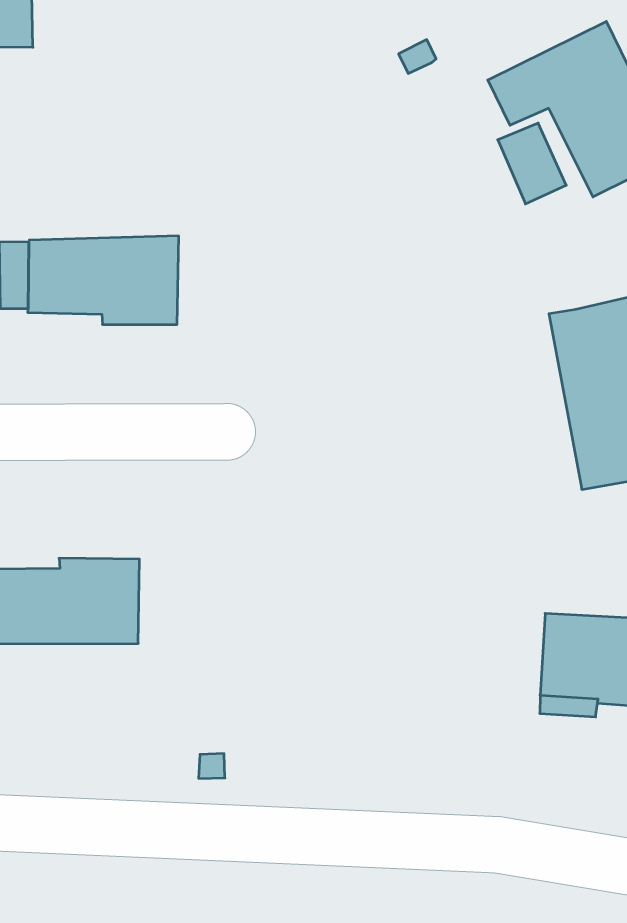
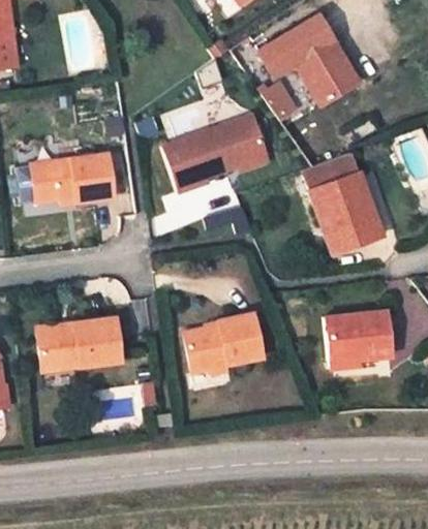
building: none -> [163,112,266,189]
building: none -> [186,313,263,372]

